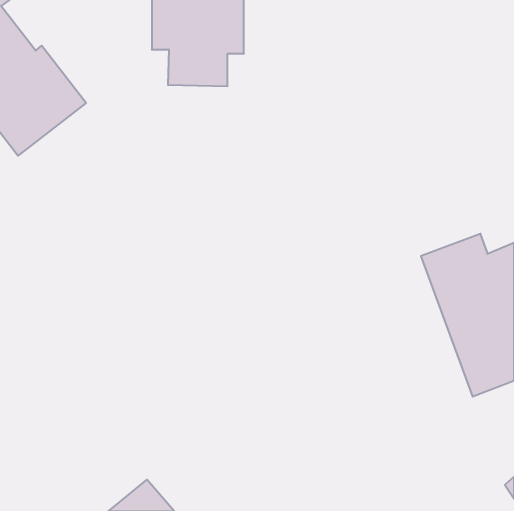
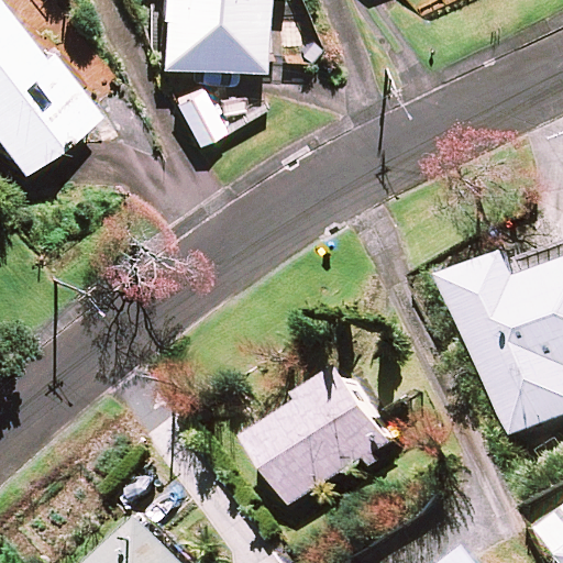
building: none -> [252,366,398,503]

